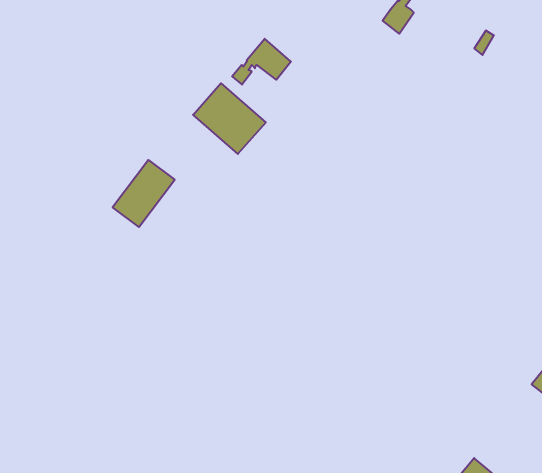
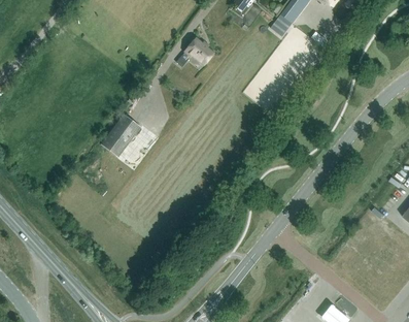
building: [193,83,266,154] -> none

